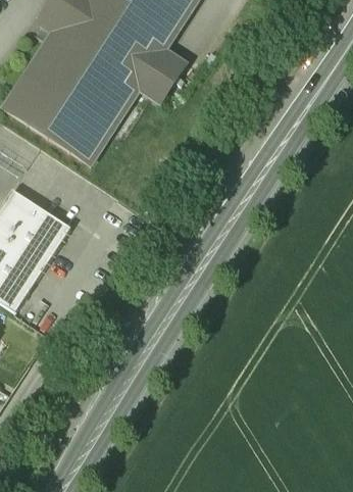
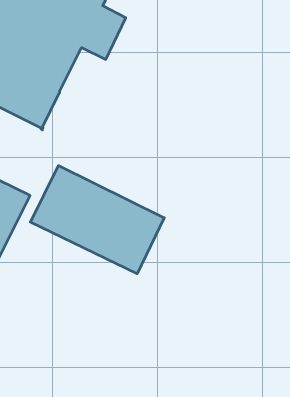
building: none -> [30,166,164,274]

